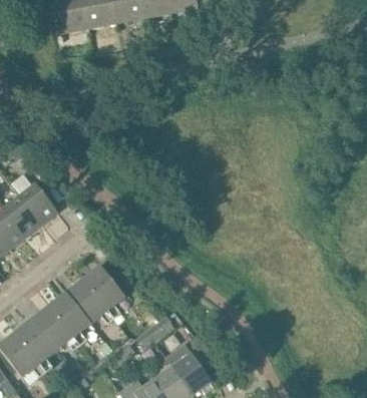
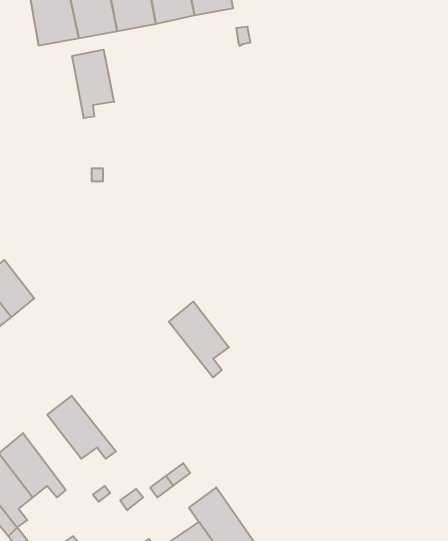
building: none -> [72,50,114,118]
building: [83,265,125,318] -> [169,302,229,377]
building: [49,292,90,345] -> none

